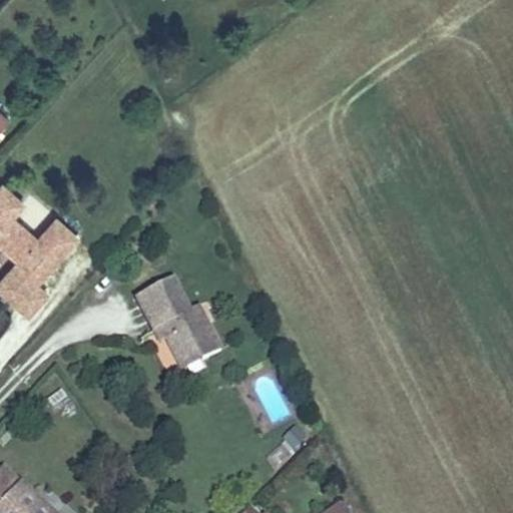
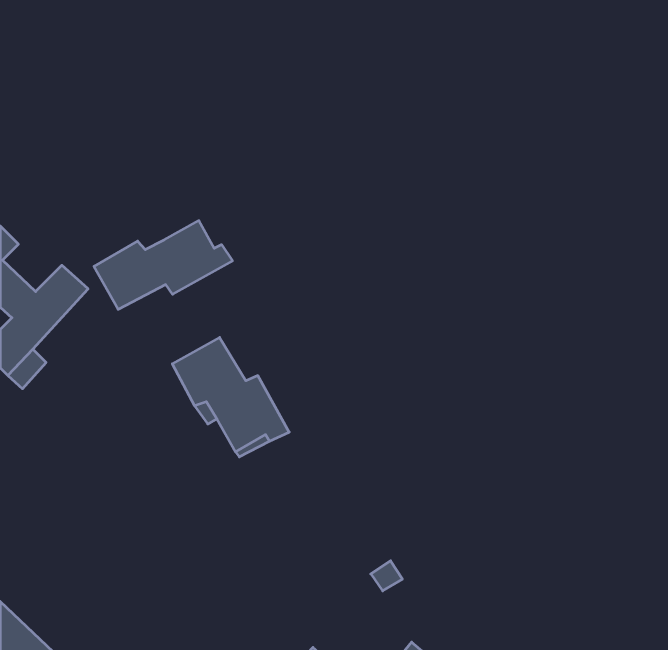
building: none -> [94,221,232,309]

